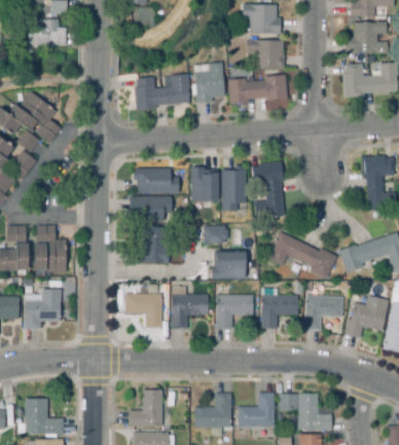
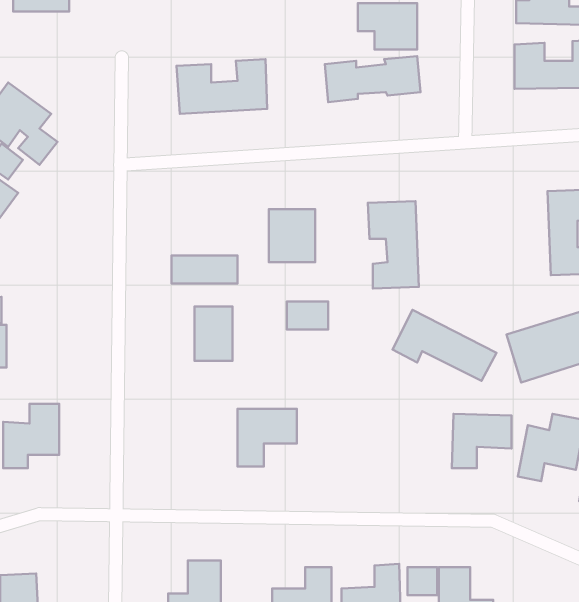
building: [192,61,224,103] -> none
building: [135,168,178,192] -> none
building: [223,172,246,212] -> none
building: [36,226,67,273] -> none
building: [214,253,247,281] -> none
building: [125,295,161,328] -> none
building: [218,296,254,330] -> none
building: [262,296,298,329] -> none

